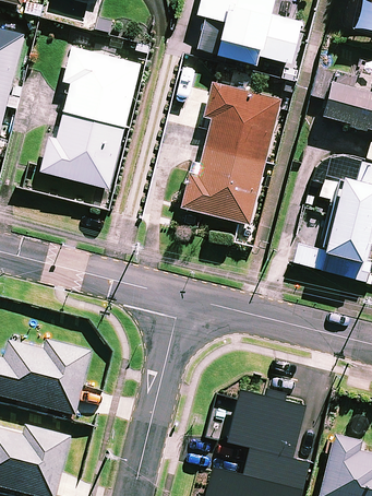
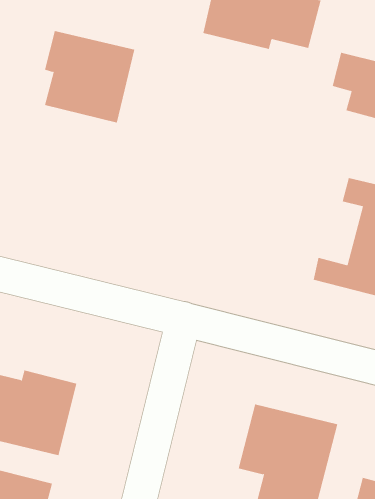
building: [182,72,280,223] -> none
building: [39,111,125,188] -> none

